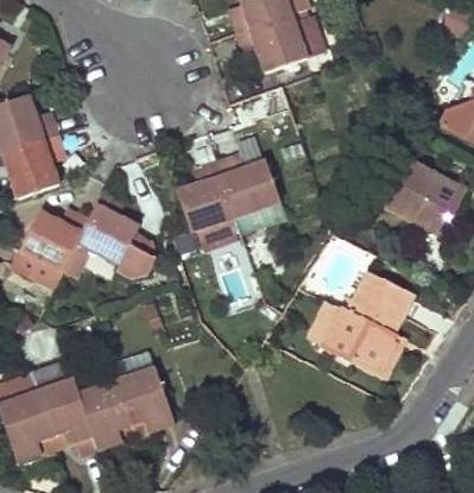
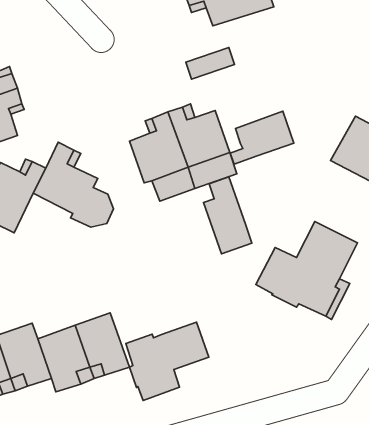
building: none -> [230,111,294,164]
building: none -> [203,177,252,254]
building: none -> [126,322,209,400]

